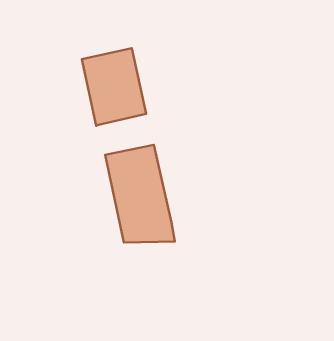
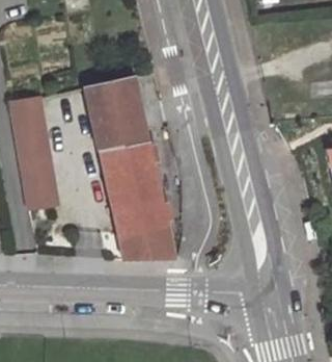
building: none -> [11,98,57,207]
building: none -> [99,138,150,177]

